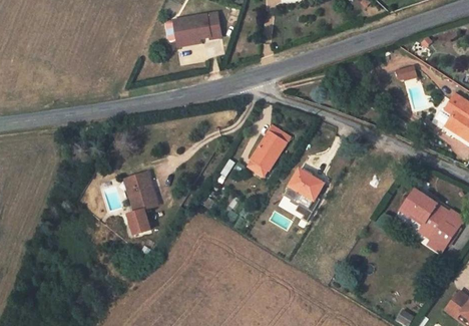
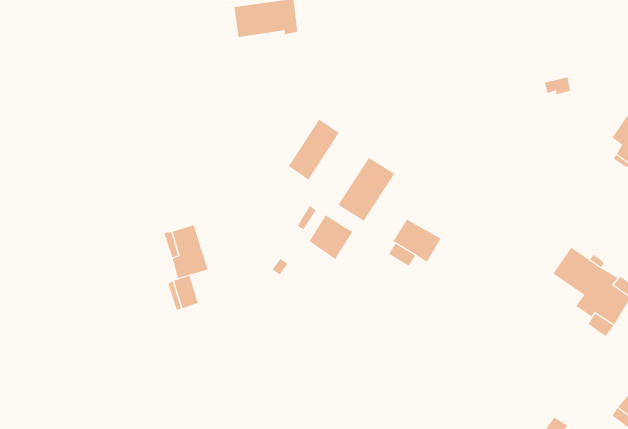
building: none -> [288,119,340,180]
building: none -> [309,214,353,260]

